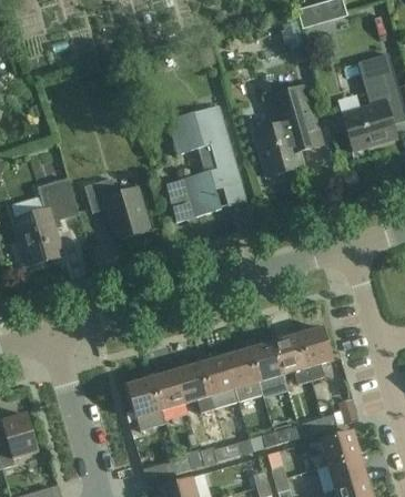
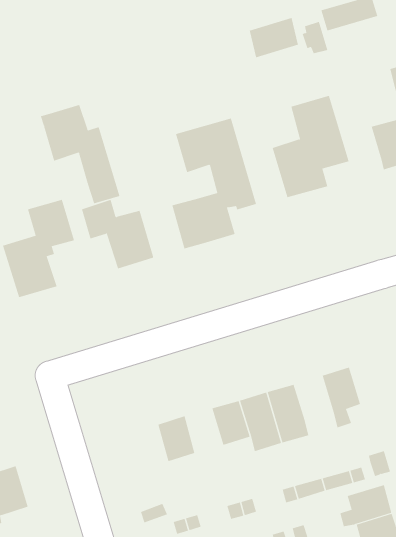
building: none -> [249,17,299,58]
building: none -> [40,104,120,204]
building: [274,334,312,384] -> none
building: [178,363,214,413] -> none
building: [128,377,162,417] -> none

